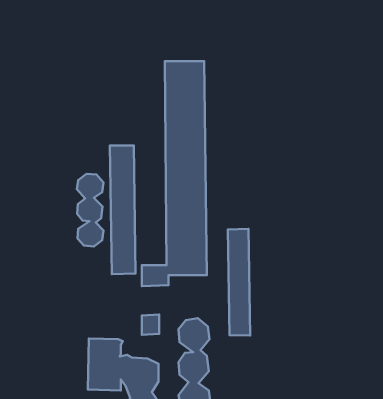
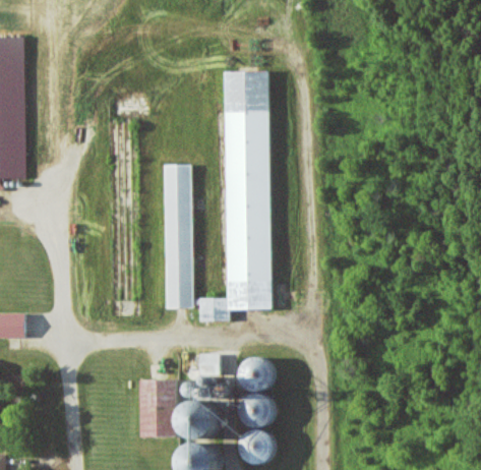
building: [77,174,104,247] -> none
building: [228,229,250,335] -> none

